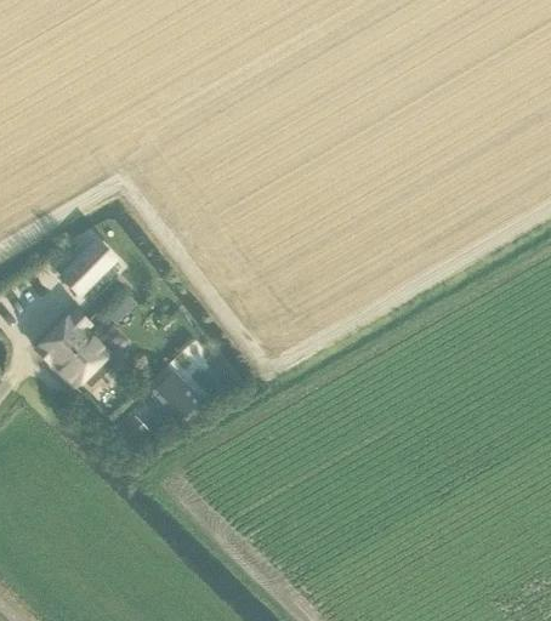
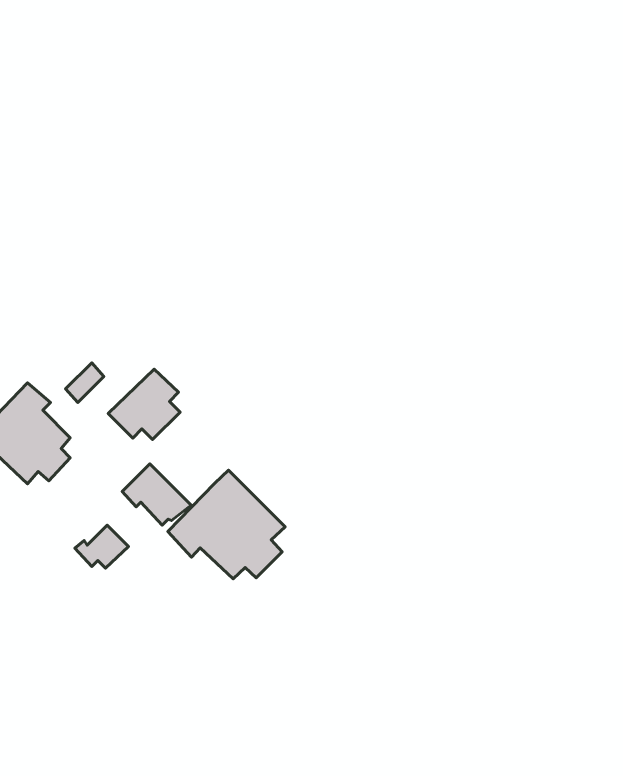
building: [59,239,117,295] -> [108,369,180,440]
building: none -> [168,470,285,579]

